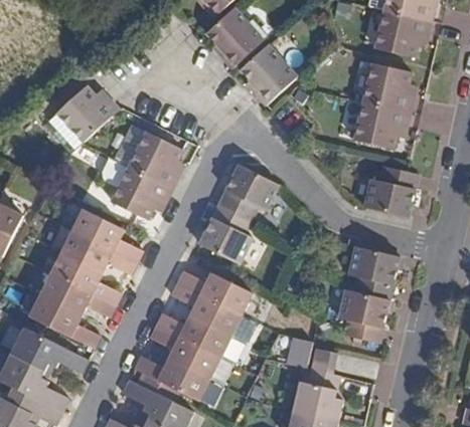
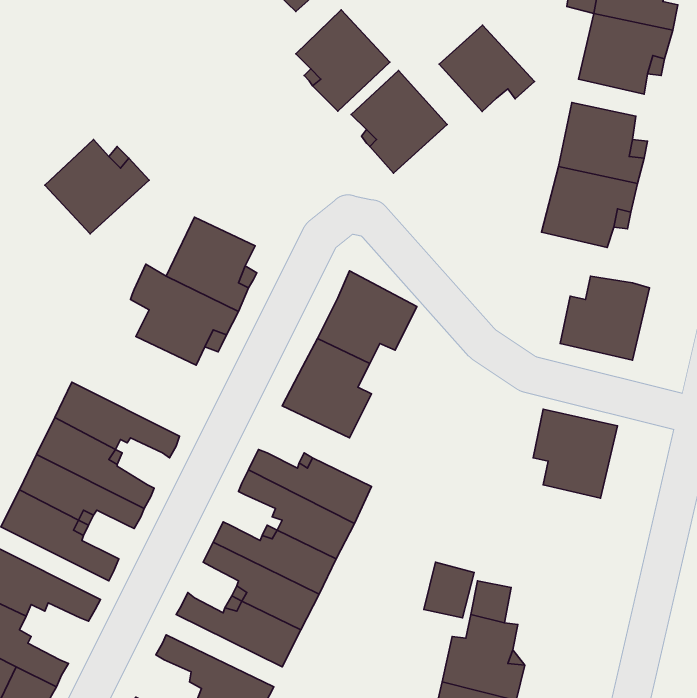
building: none -> [439,25,534,112]
building: [72,209,144,262] -> none
building: [338,289,388,343] -> none

